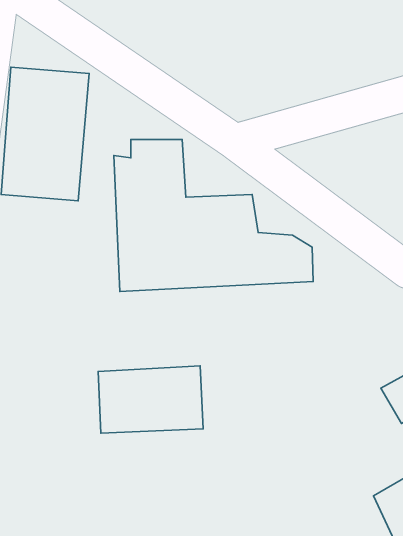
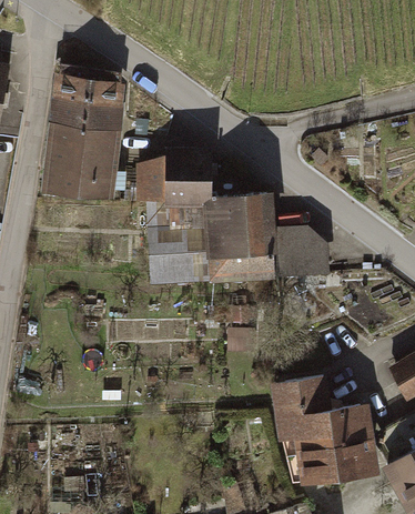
building: [98,366,203,433] -> none
building: none -> [270,377,377,482]

